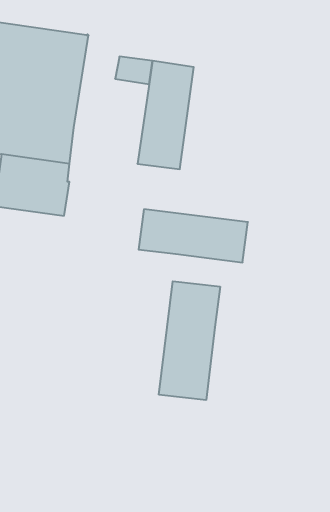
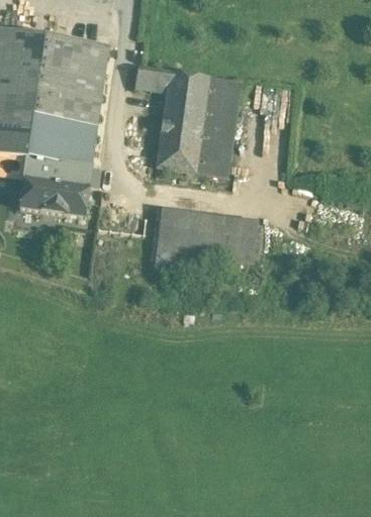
building: none -> [196,75,244,176]
building: none -> [155,248,192,272]
building: [159,281,220,400] -> none

